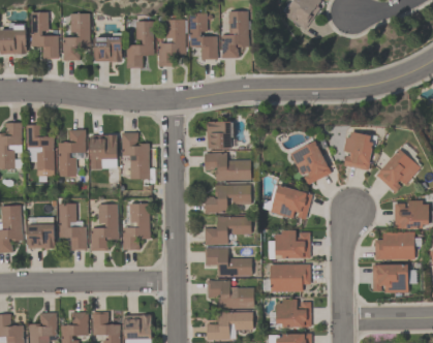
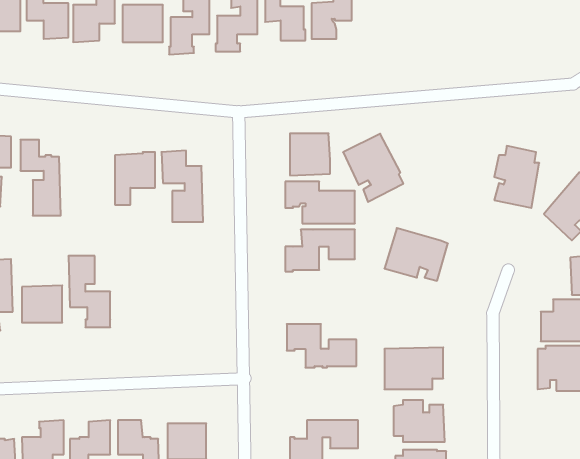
building: [57,129,85,178] -> none
building: [290,139,331,185] -> [343,134,403,202]
building: [123,202,151,249] -> none
building: [90,204,118,250] -> none
building: [204,216,250,245] -> none
building: [275,229,309,258] -> none
building: [207,280,253,308] -> none

